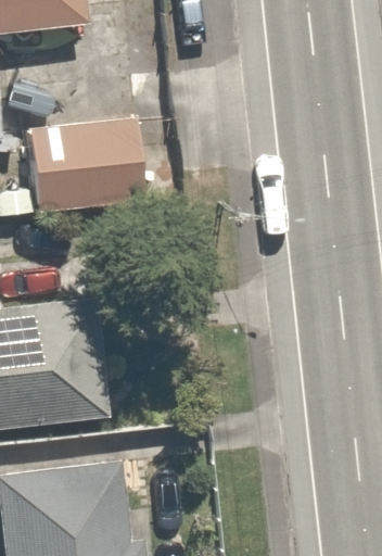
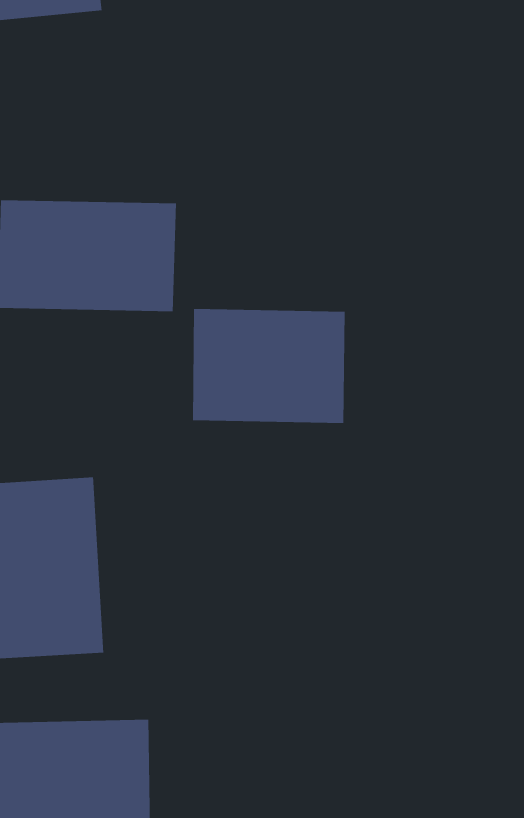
building: none -> [192,308,345,424]

